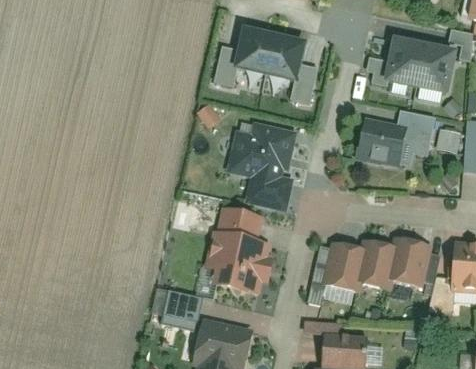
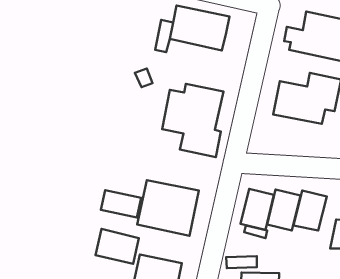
building: [294,60,322,102] -> none
building: [214,209,261,241] -> [101,190,141,218]

